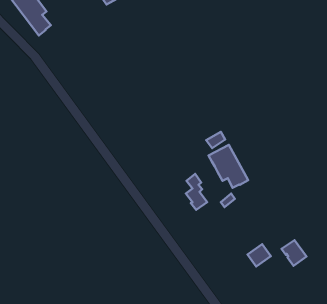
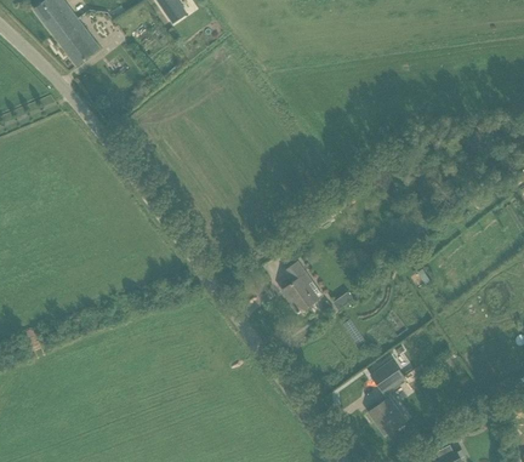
building: [208,145,248,188] -> none
building: [281,240,306,266] -> [369,398,404,434]

